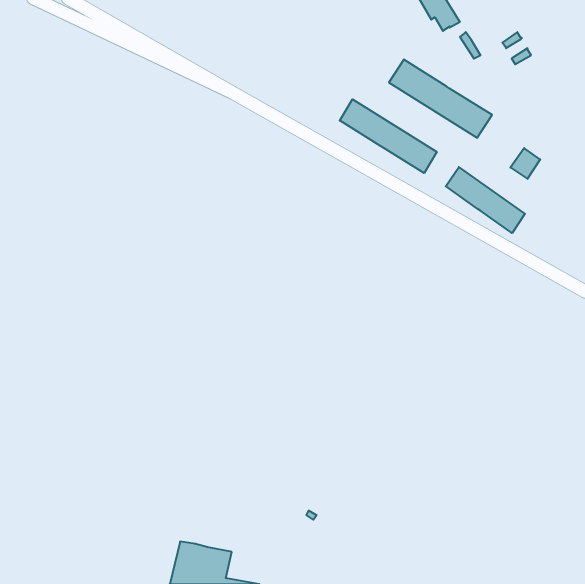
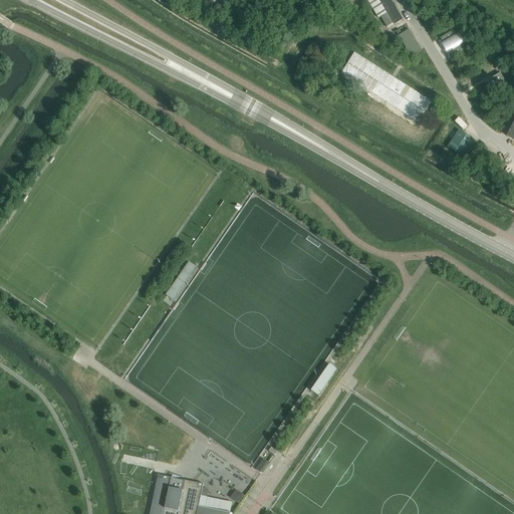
building: [340,99,437,173] -> none
building: [446,167,525,233] -> none

